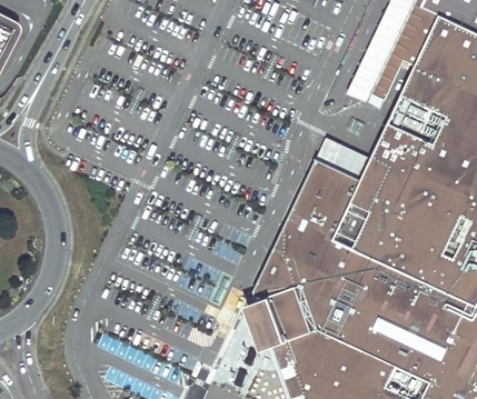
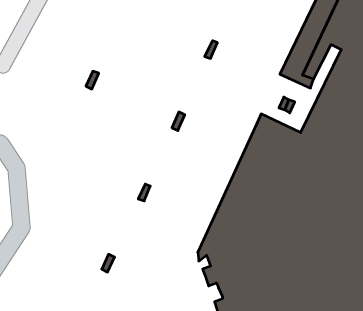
building: [242,298,284,355] -> none

